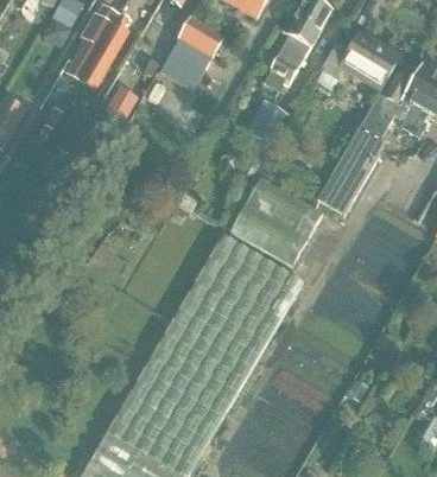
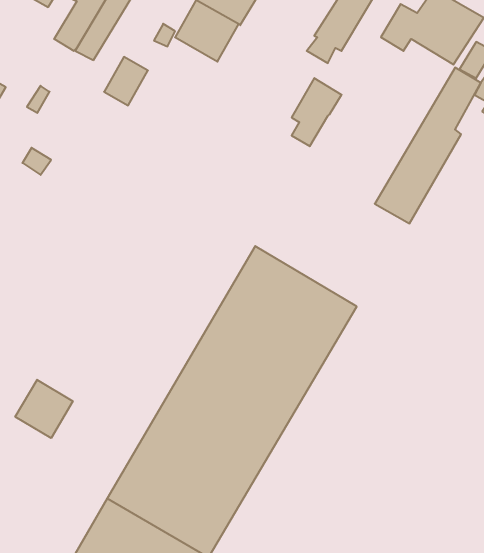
building: [232,174,324,265] -> none
building: none -> [15,380,73,438]

